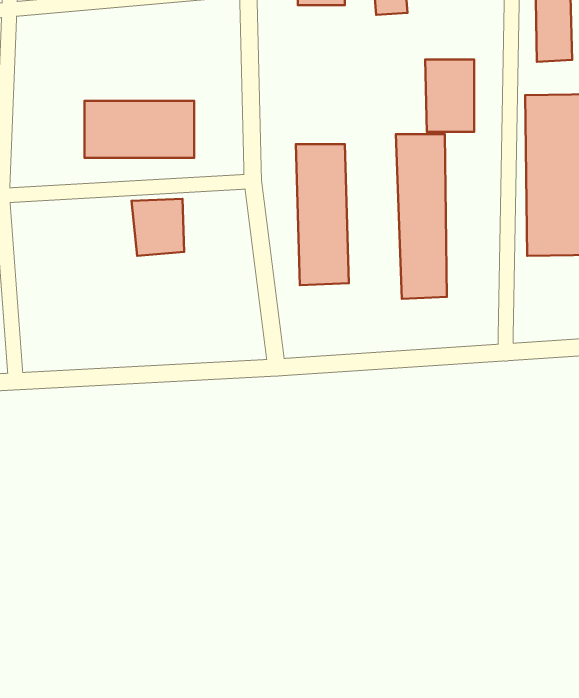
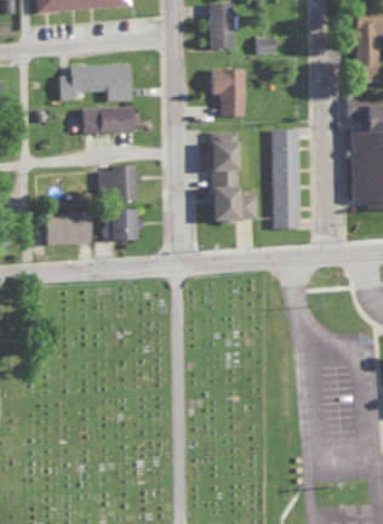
building: none -> [59,66,127,101]
building: [425,60,474,132] -> [215,70,245,115]
building: none -> [108,205,141,240]
building: none -> [55,211,96,243]

